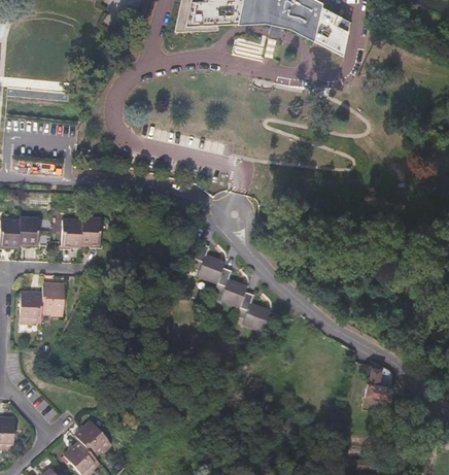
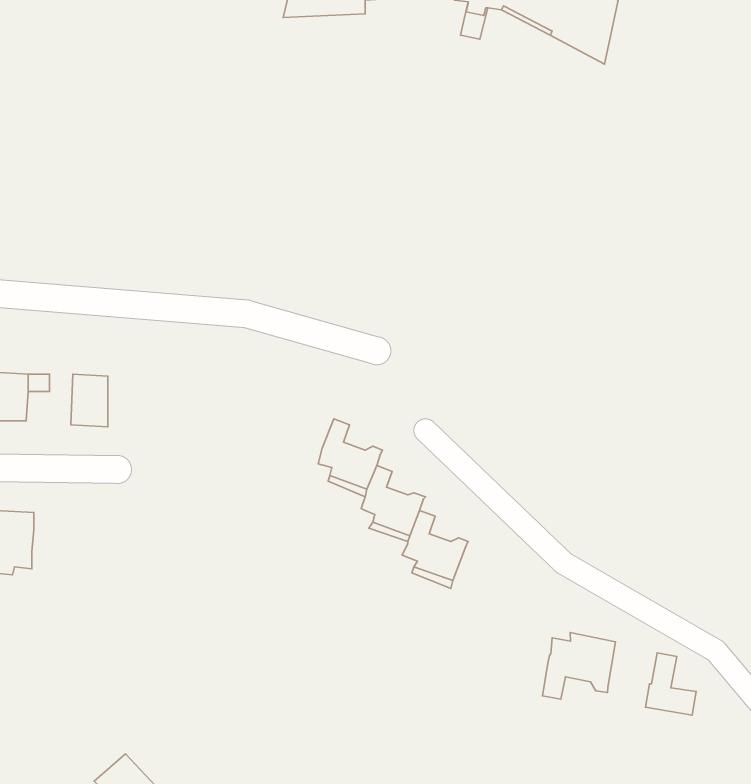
building: [80,217,100,244] -> none
building: [40,282,64,315] -> none
building: none -> [542,633,615,699]

